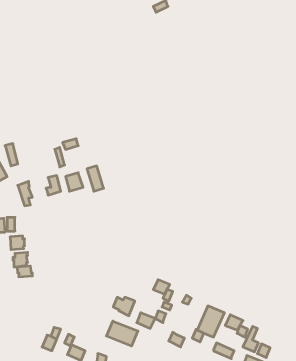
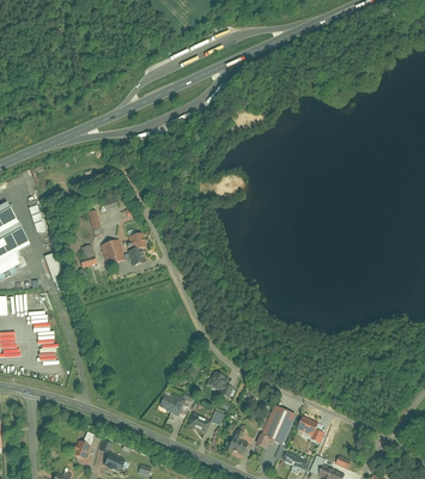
building: [106,321,138,346] -> none

